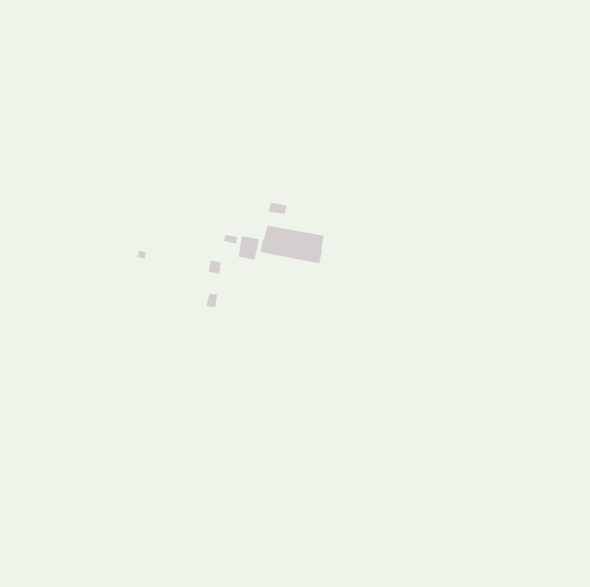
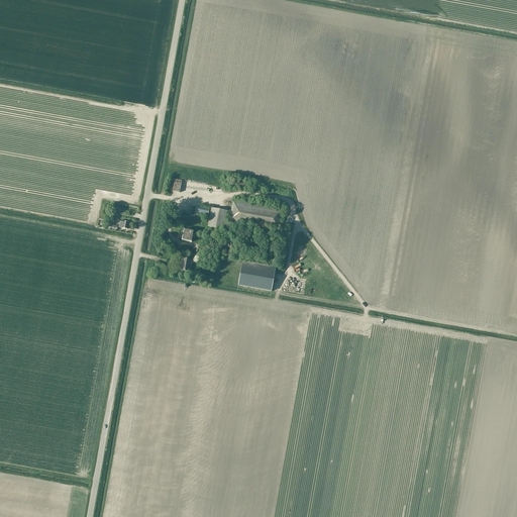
building: none -> [238,262,275,290]

